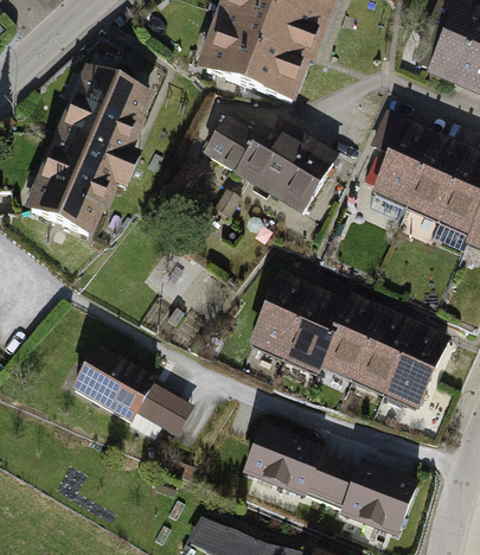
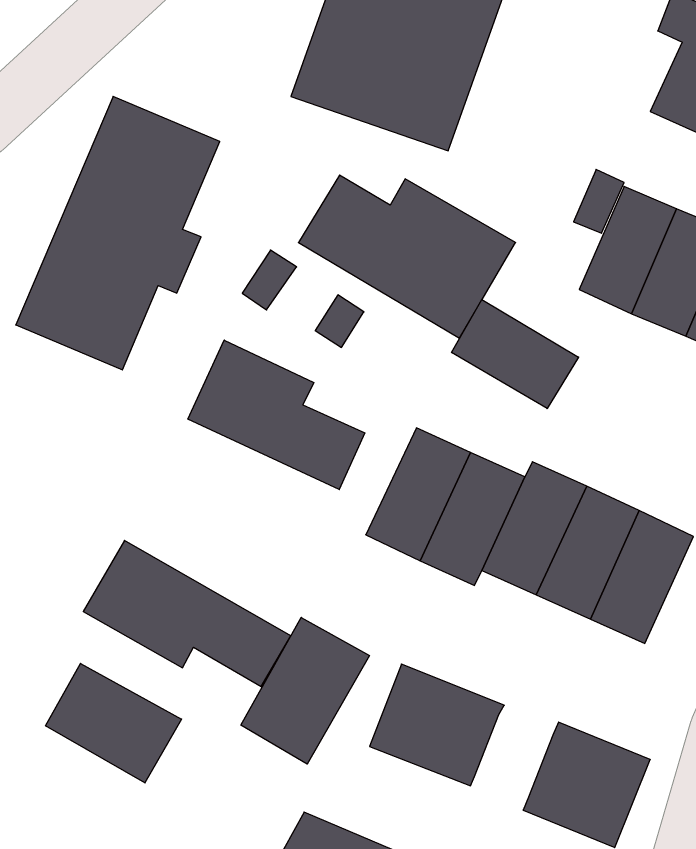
building: none -> [452,300,579,409]
building: none -> [188,340,365,490]
building: none -> [241,617,369,764]
building: none -> [46,663,182,783]
building: [314,454,364,506] -> none

